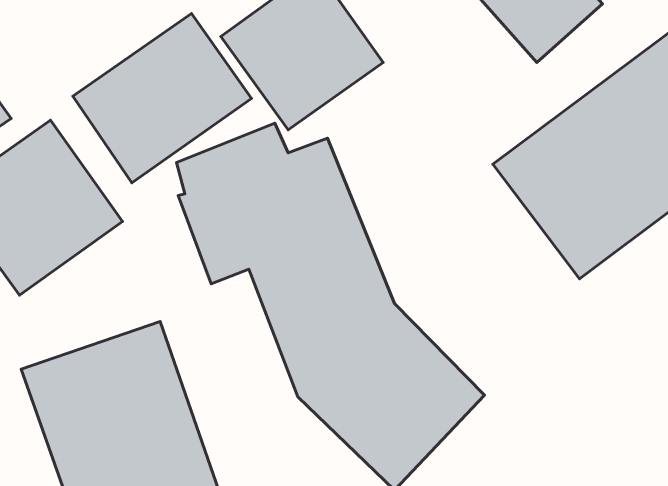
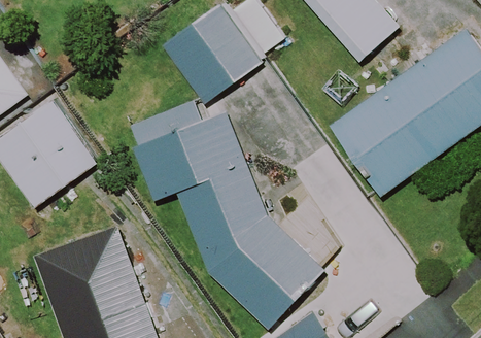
building: [73,13,251,183] -> none

